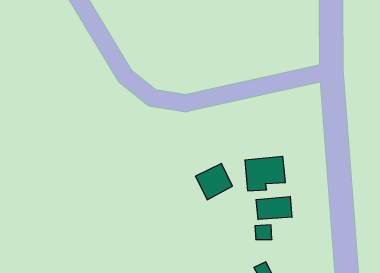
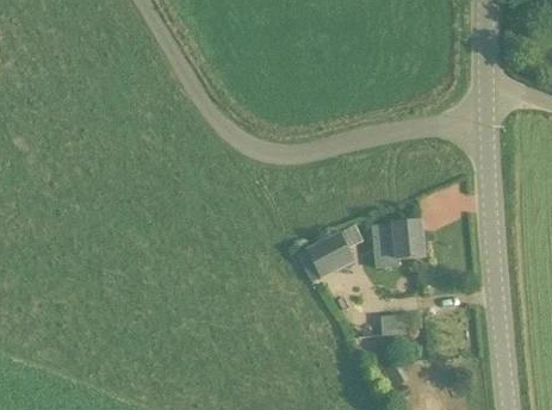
building: [256,196,292,220] -> none

